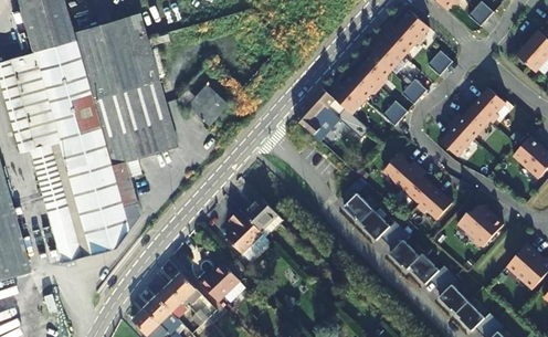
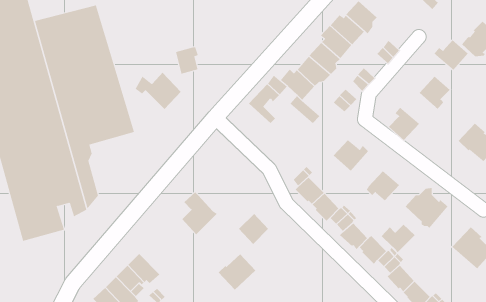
building: none -> [175,46,198,75]
building: [453,106,489,138] -> [433,40,468,70]
building: [402,167,435,203] -> none
building: [243,196,275,229] -> [238,213,269,245]
building: none -> [381,224,415,253]
building: [200,264,240,303] -> [218,254,256,291]

